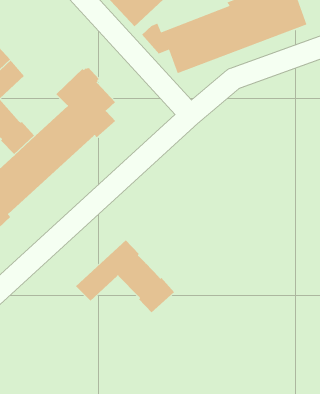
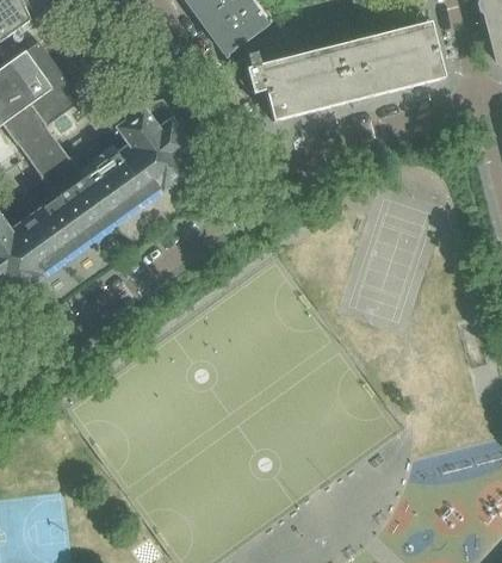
building: [75,240,175,313] -> none

